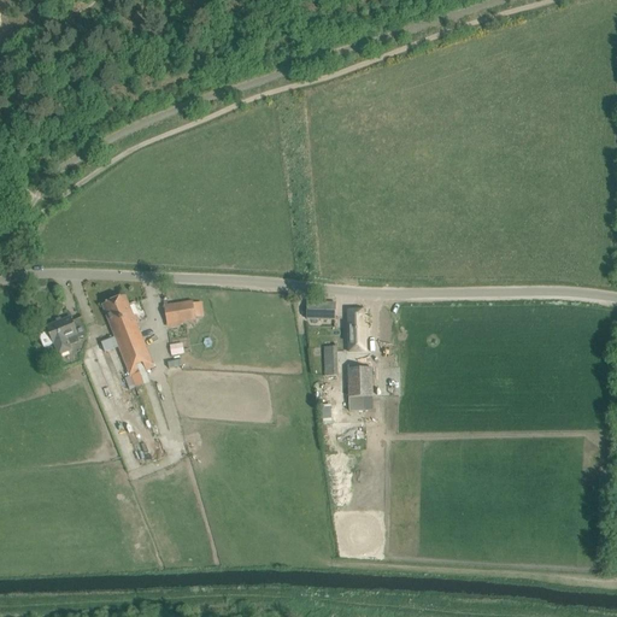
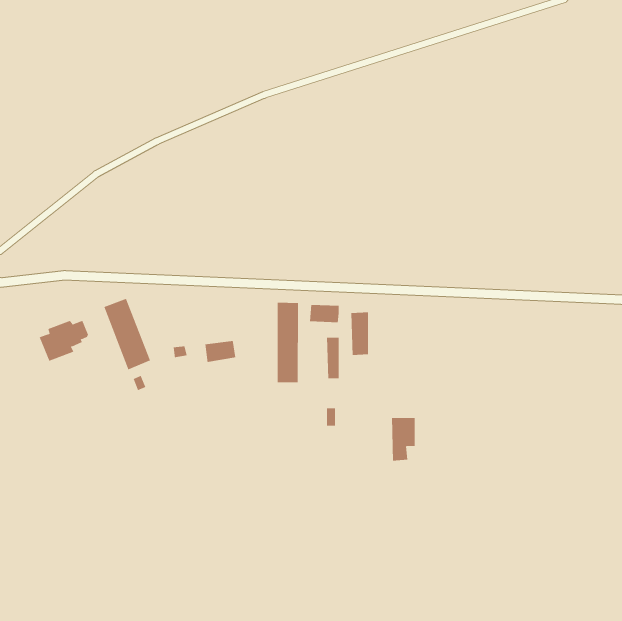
building: none -> [277,302,298,383]
building: [164,301,195,323] -> [204,340,236,362]
building: [348,368,372,411] -> [391,417,415,461]

